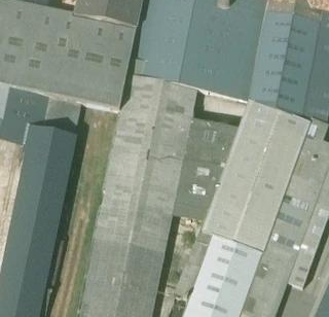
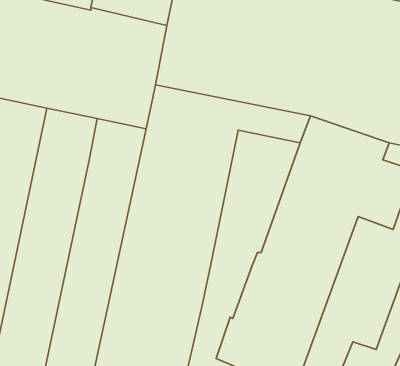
building: [172,111,242,219] -> none

